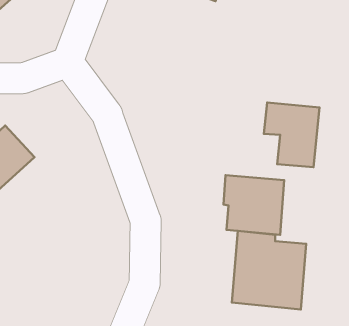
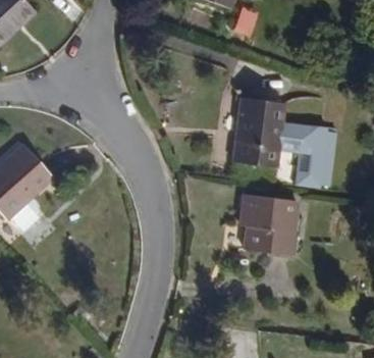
building: none -> [230,96,286,166]
building: [232,231,306,309] -> none

